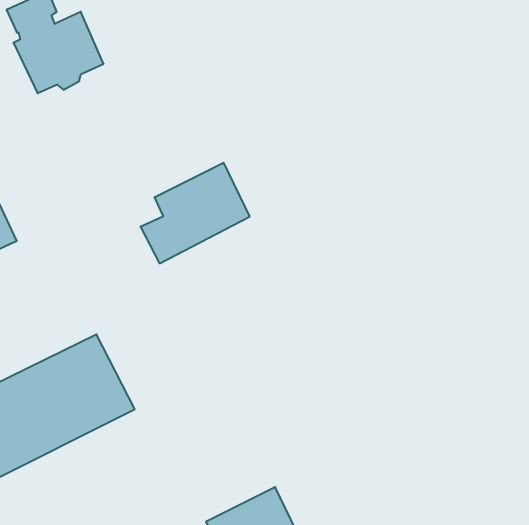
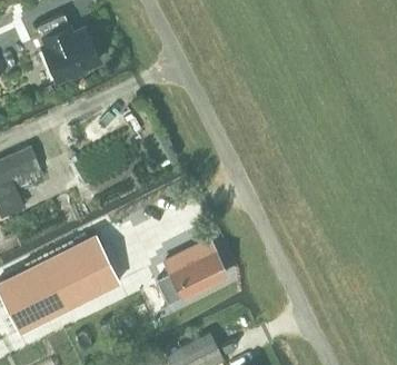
building: [140,163,250,263] -> [157,240,227,305]

